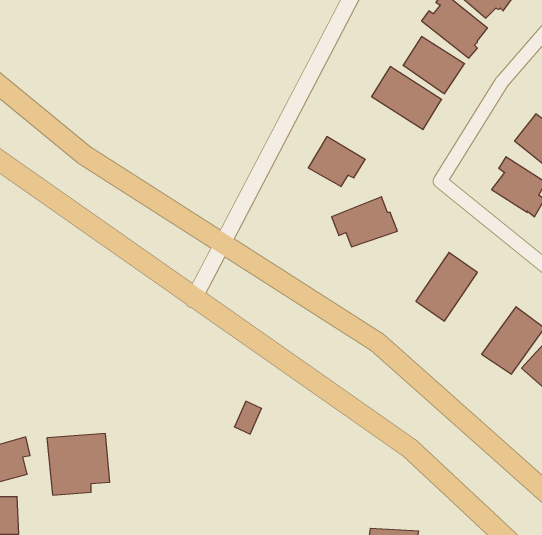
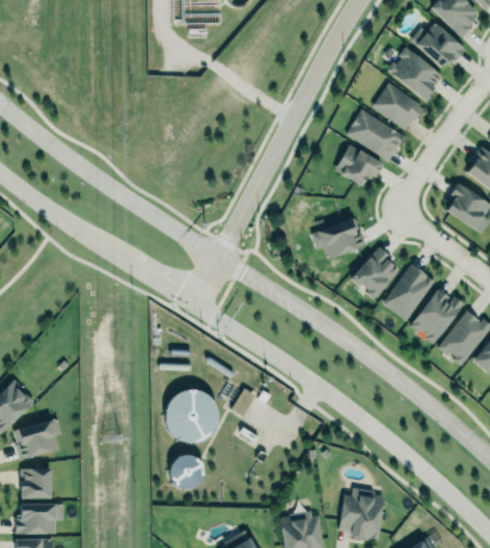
building: [308,137,365,187] -> [334,143,382,185]
building: none -> [348,252,397,300]
building: none -> [409,287,461,343]
building: [47,434,110,495] -> [165,389,217,441]
building: none -> [165,450,206,493]

